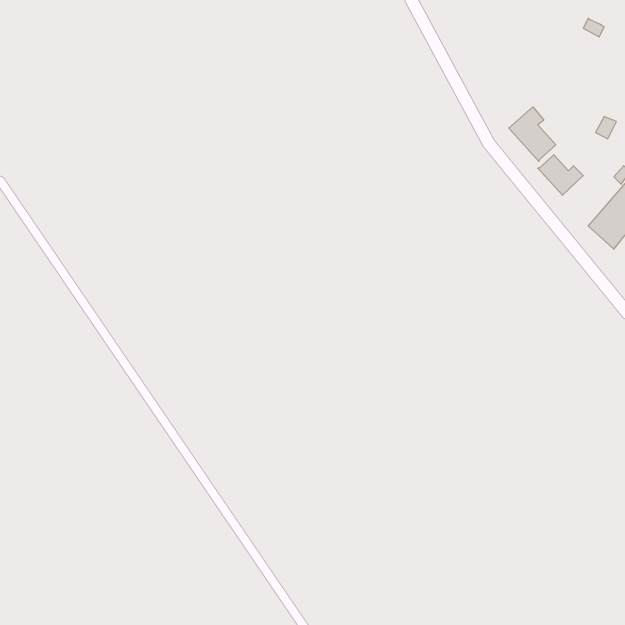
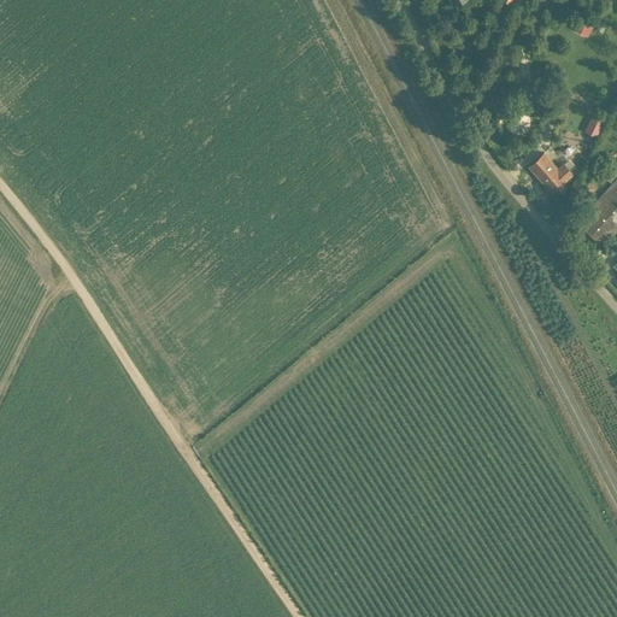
building: [509,107,556,161] -> none

